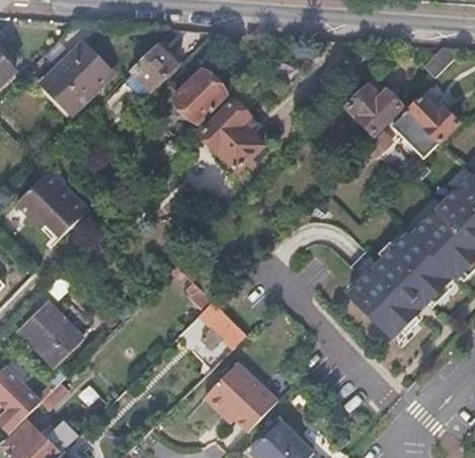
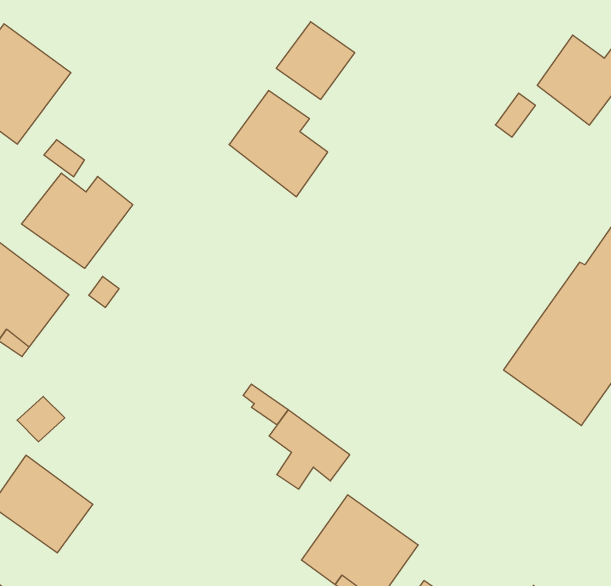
building: [131,46,178,93] -> none
building: [175,74,225,123] -> [276,22,355,99]
building: [349,86,404,134] -> none
building: none -> [22,173,133,268]

